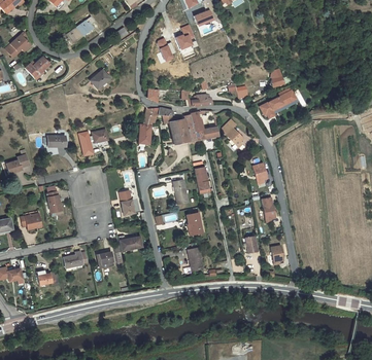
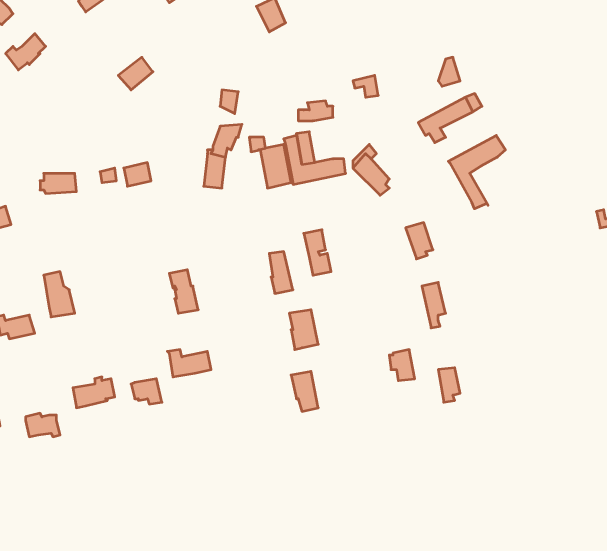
building: none -> [448,135,505,209]

